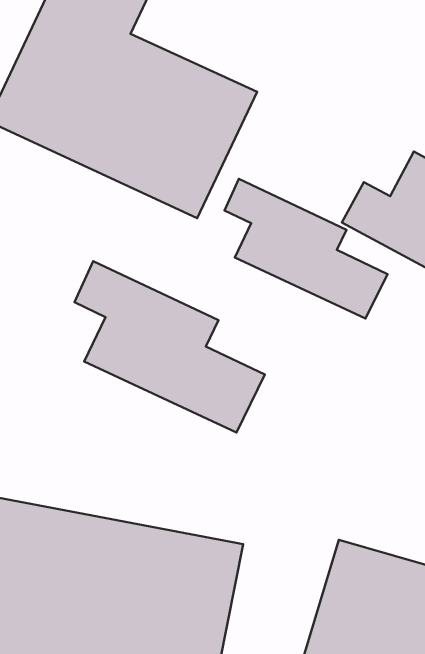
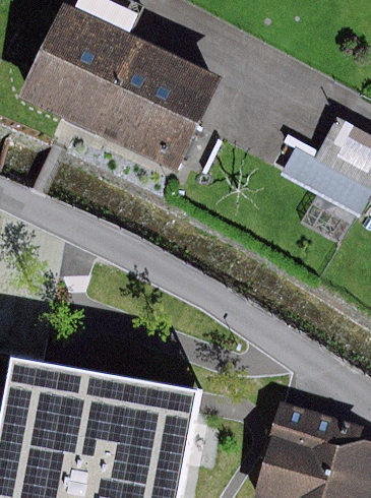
building: [224,179,387,319] -> none
building: [74,261,265,432] -> none

